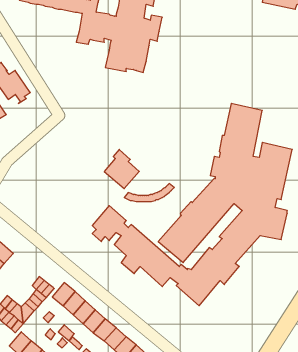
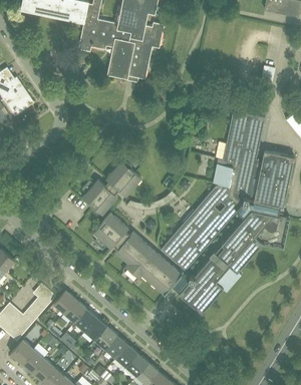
building: none -> [81,180,116,216]

